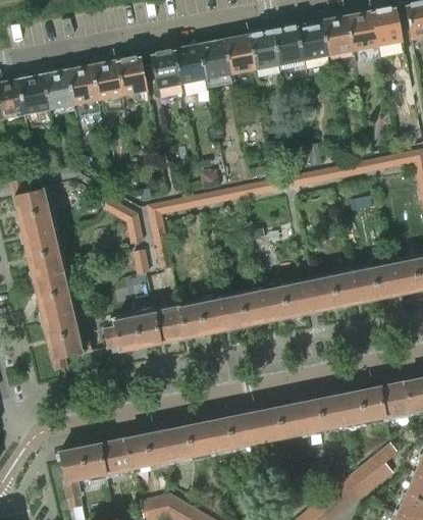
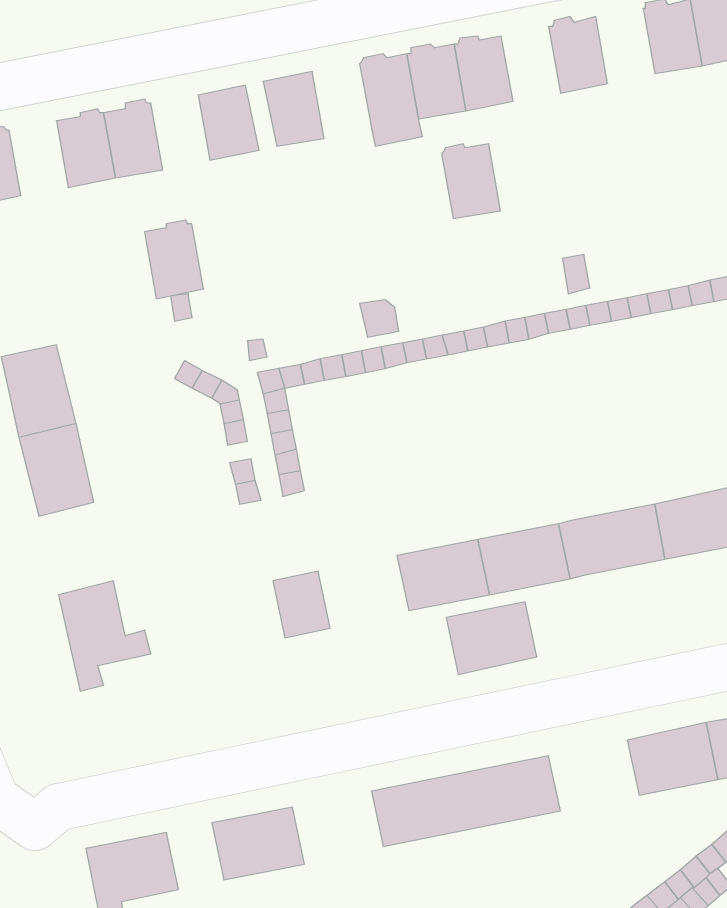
building: [322,16,353,55] -> none
building: [273,25,304,64] -> [442,144,501,219]
building: [175,45,206,84] -> none
building: [92,59,122,100] -> [144,220,204,299]
building: [18,73,49,113] -> none
building: [34,272,72,320] -> none
building: [178,300,225,337] -> [446,602,537,674]
building: [103,313,161,351] -> none
building: [298,396,345,432] -> none
building: [165,422,212,460] -> none
building: [100,438,129,473] -> none

